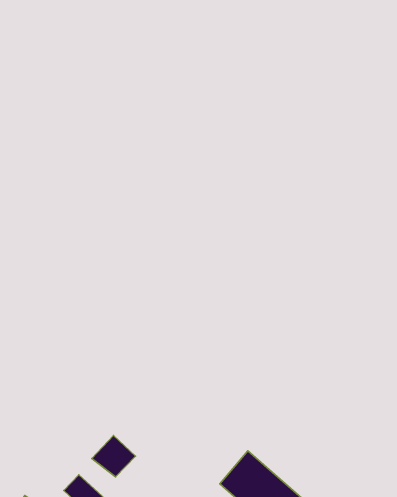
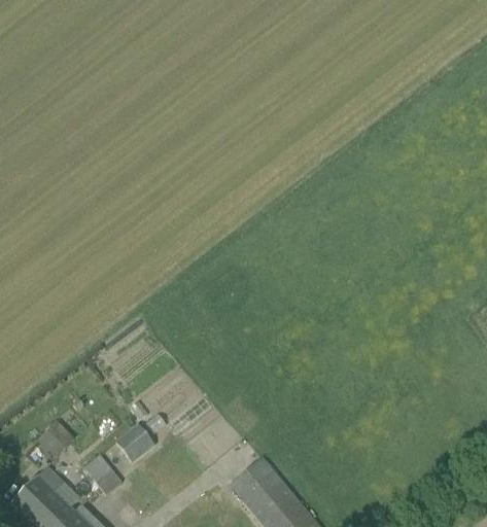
building: none -> [39,422,75,458]

